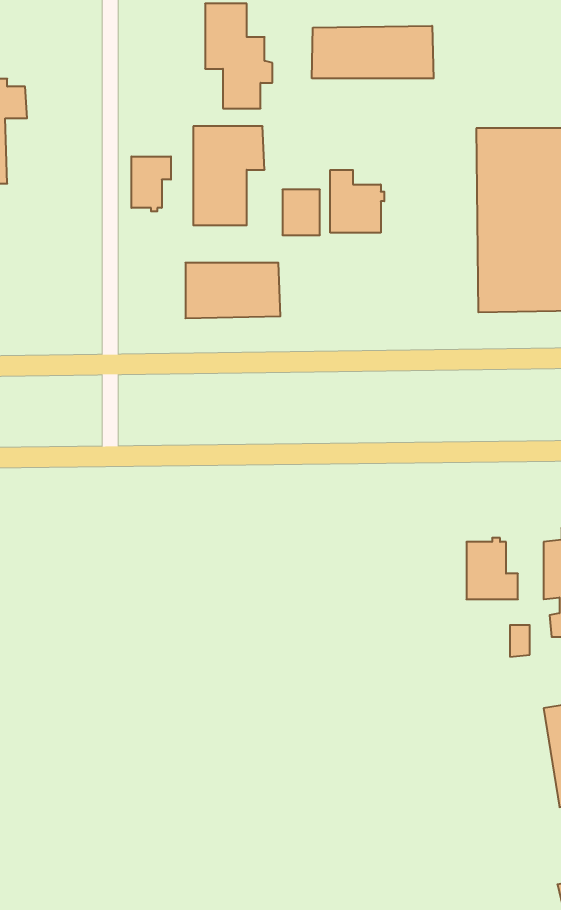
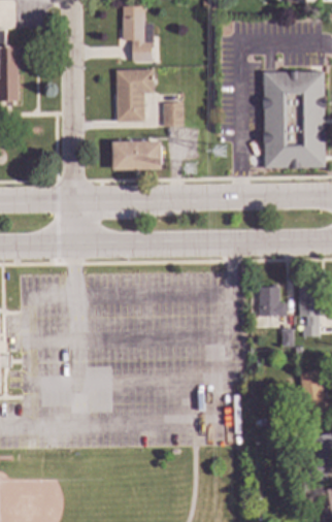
building: [312,26,434,78] -> none
building: [131,156,171,211] -> none
building: [330,170,384,233] -> none

